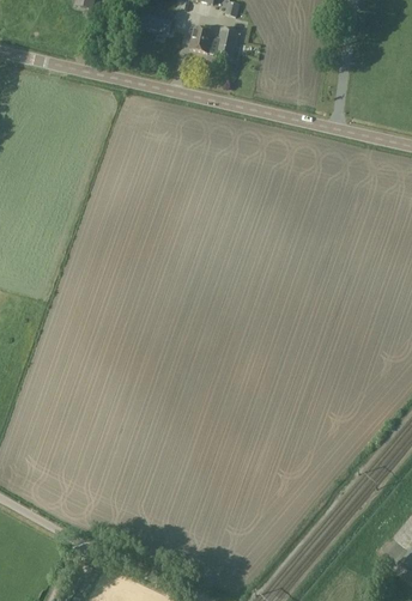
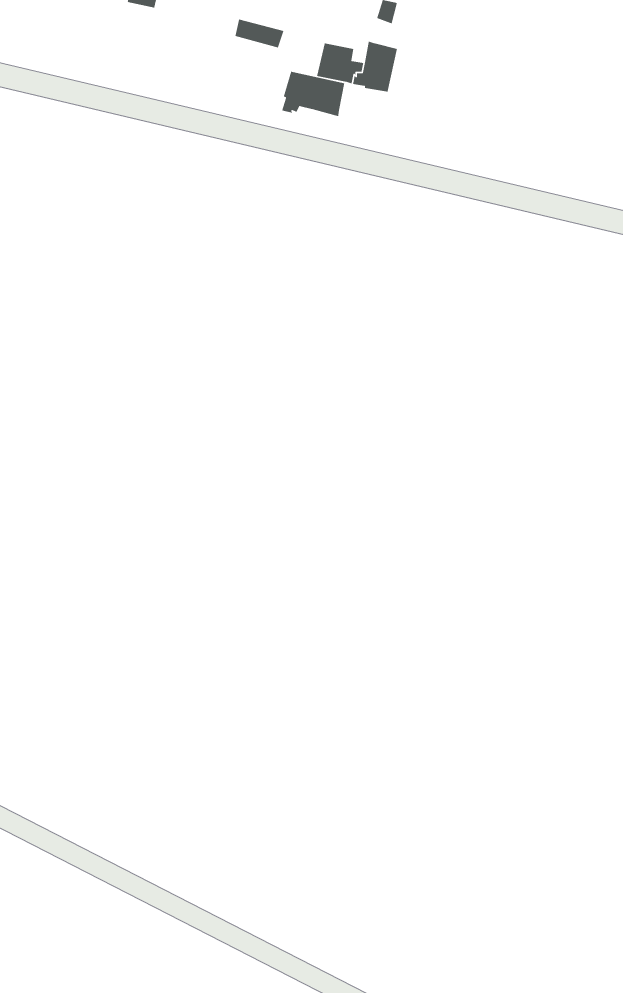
building: none -> [281,71,345,117]

